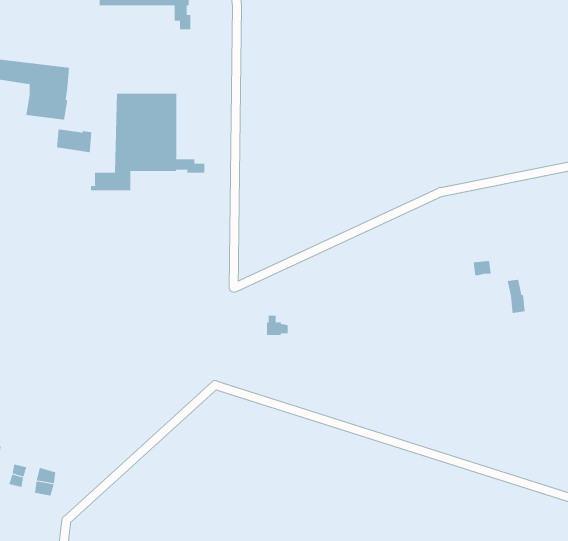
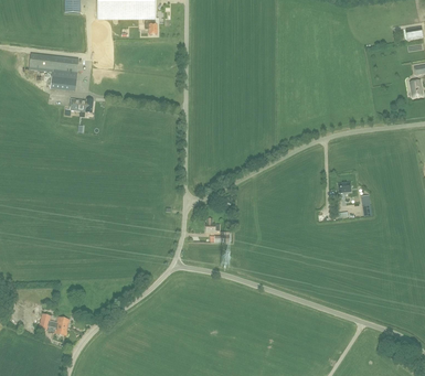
building: [91,93,205,191] -> none

